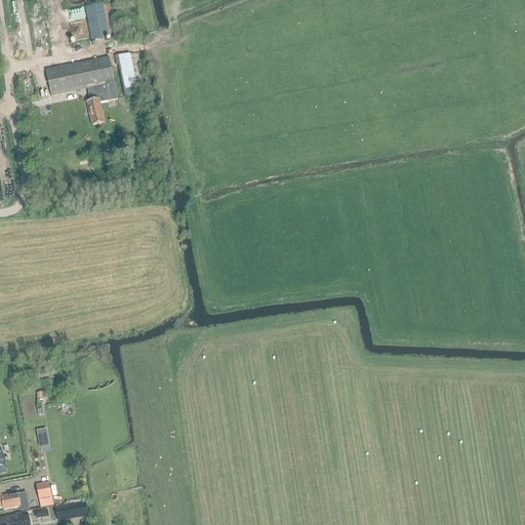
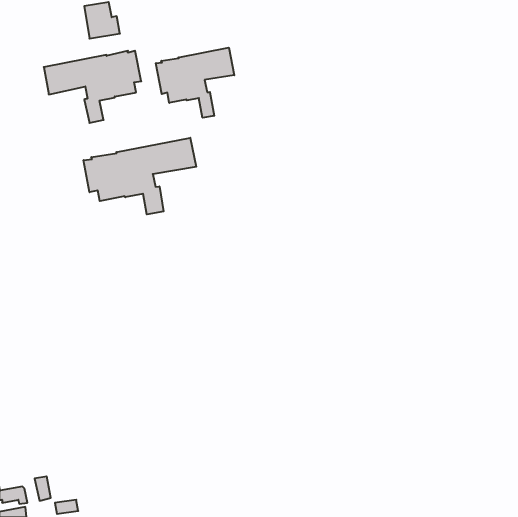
building: none -> [156,48,234,118]
building: none -> [84,138,196,214]

